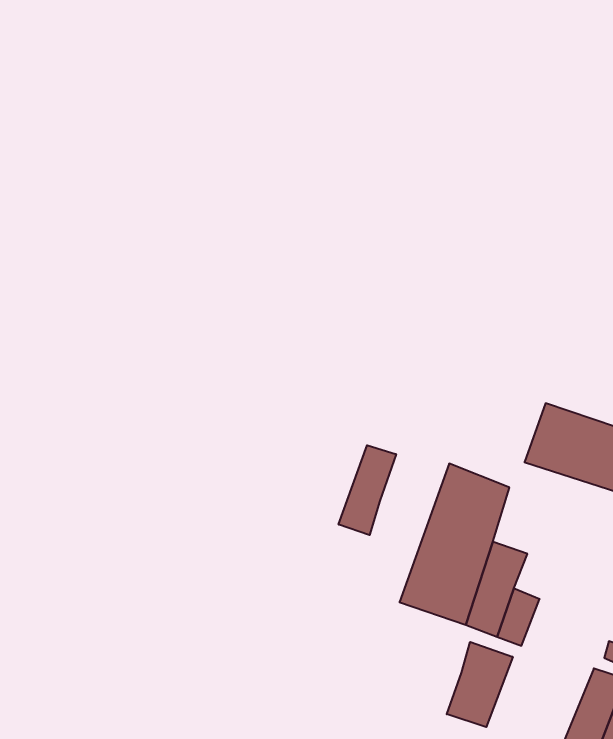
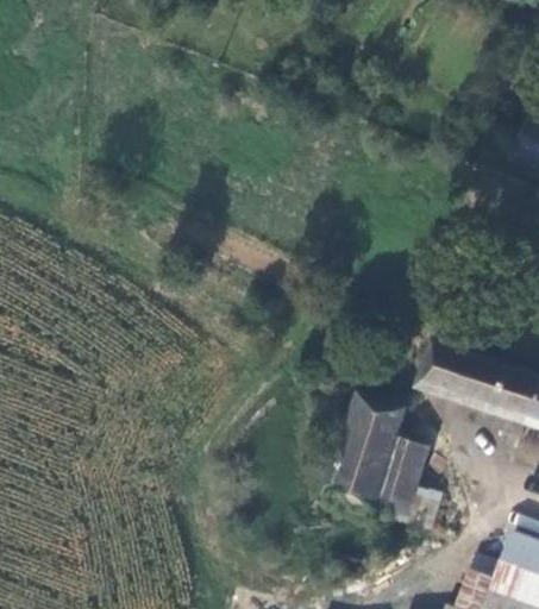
building: [339,445,396,535] -> none
building: [447,642,513,727] -> none

